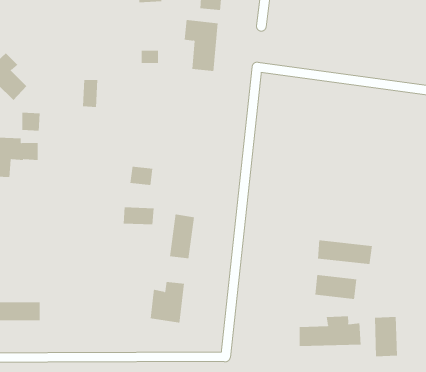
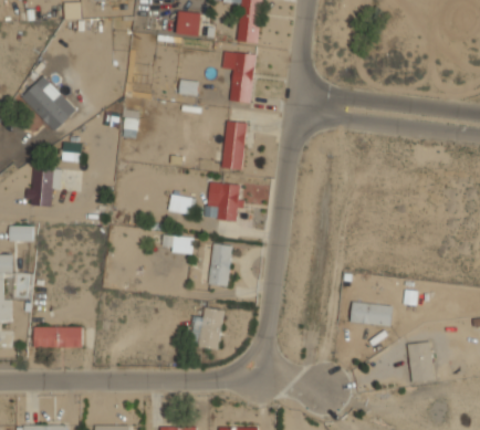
building: none -> [222,122,246,170]
building: none -> [204,183,242,222]
building: [318,240,373,265] -> none
building: [299,316,361,347] -> none

